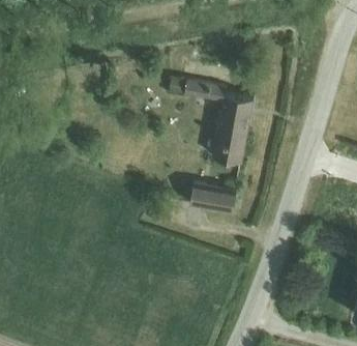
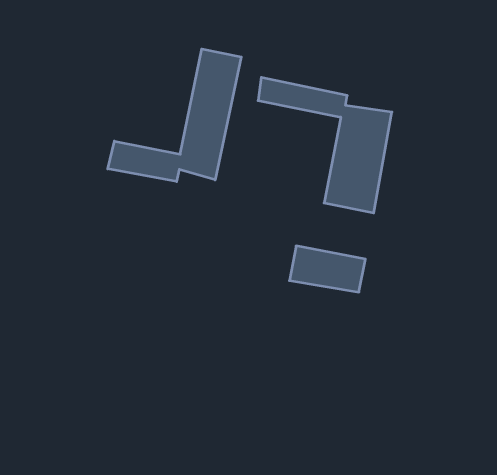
building: none -> [108,49,241,182]

